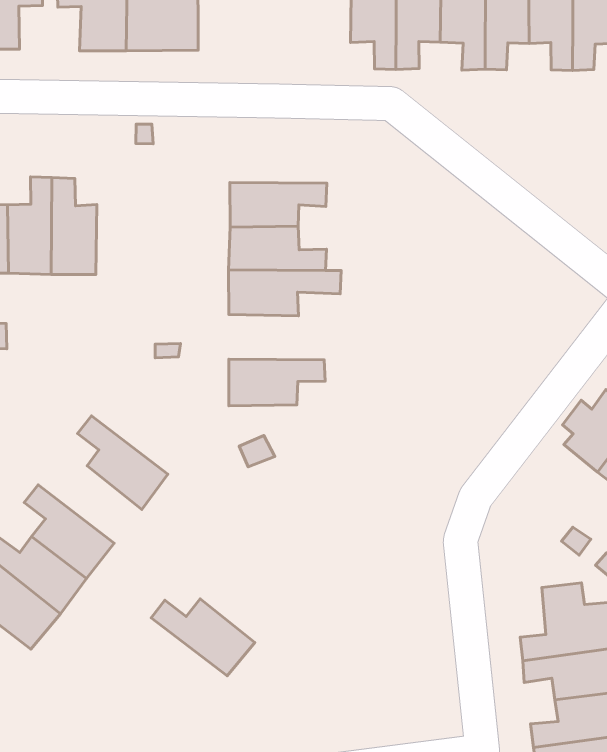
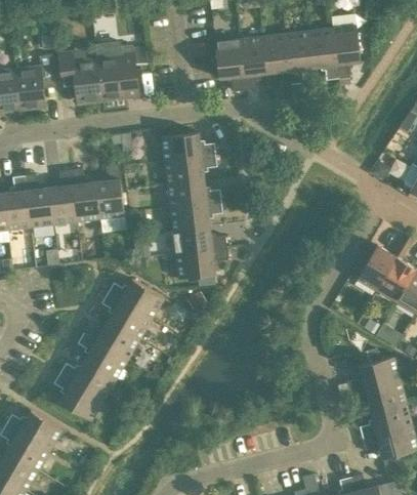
building: none -> [161,132,215,161]
building: none -> [95,164,124,218]
building: none -> [172,226,225,254]
building: none -> [107,279,163,319]
building: [151,599,255,676] -> [83,320,139,359]

